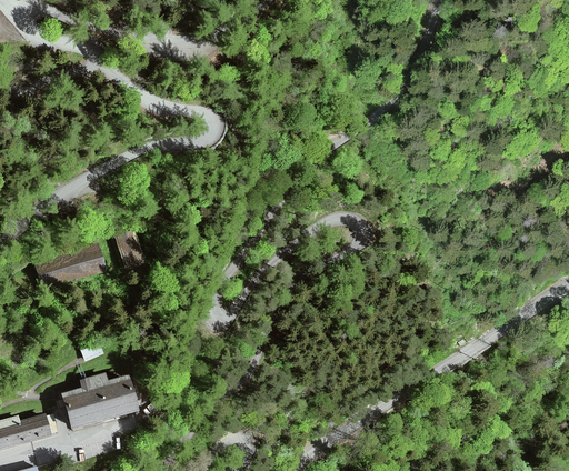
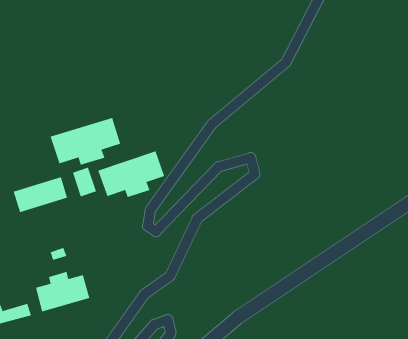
building: none -> [50,117,121,165]
building: none -> [97,151,165,198]

